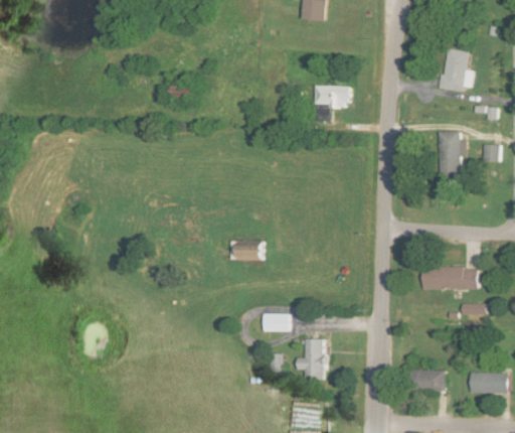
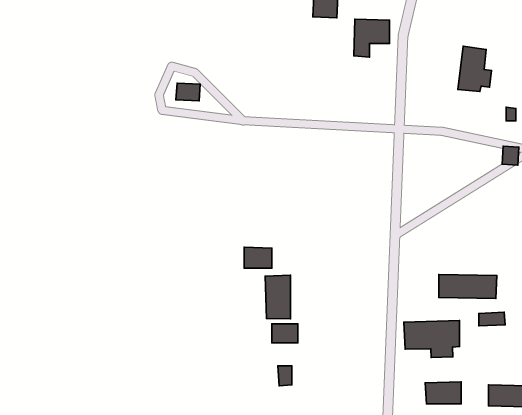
building: [314,85,348,121] -> [354,19,390,57]
building: [438,130,466,180] -> none
building: none -> [265,275,291,319]
building: none -> [404,321,459,358]
building: [297,338,324,381] -> none

